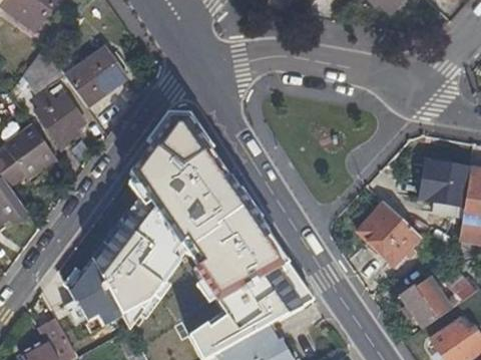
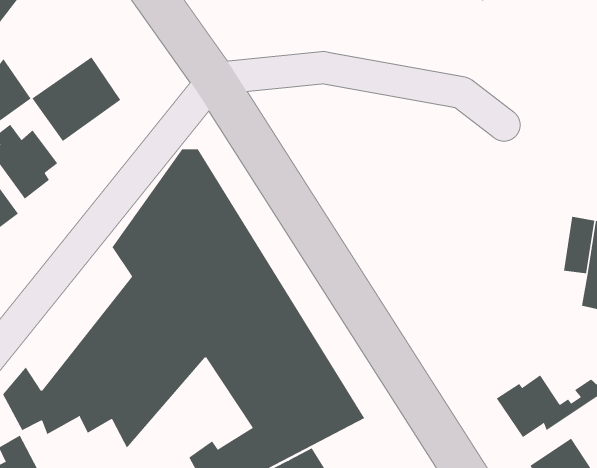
building: [418,158,453,202] -> none
building: [356,202,418,262] -> none

